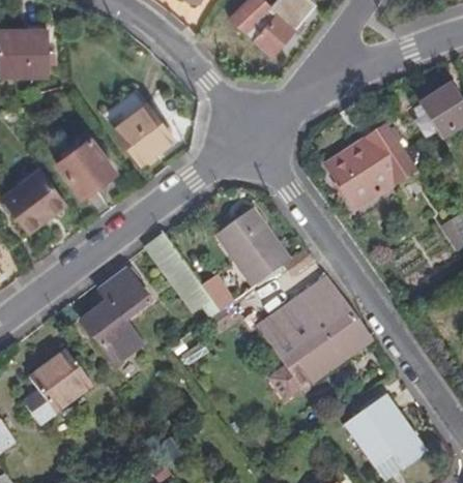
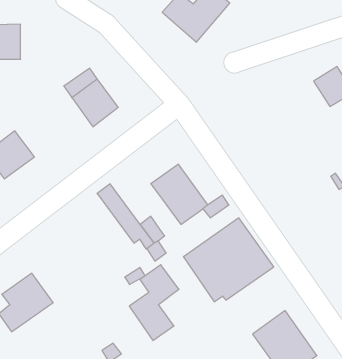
building: [328,125,415,206] -> none
building: [58,138,112,197] -> none
building: [85,270,148,366] -> [129,265,179,340]

